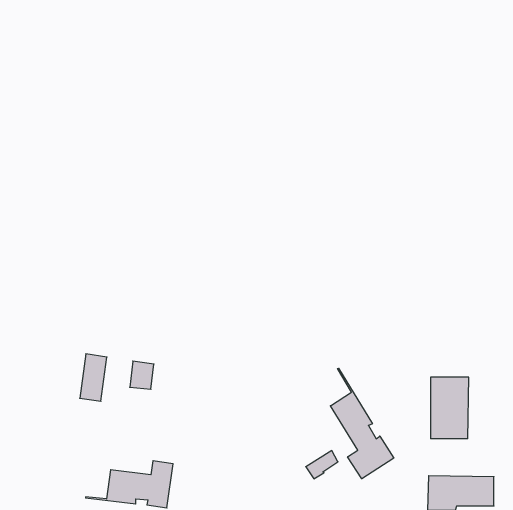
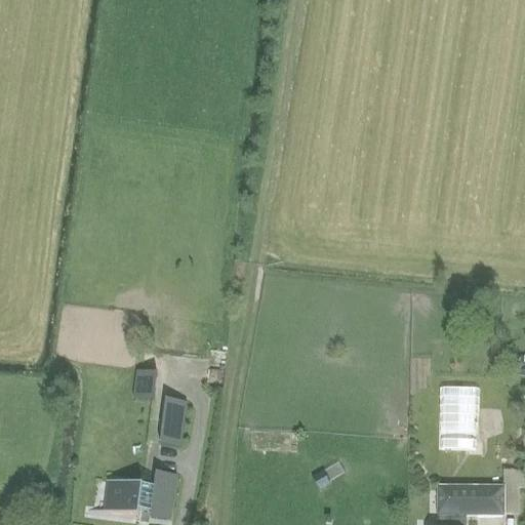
building: [80,354,107,401] -> [159,397,187,445]
building: [330,368,394,479] -> none

